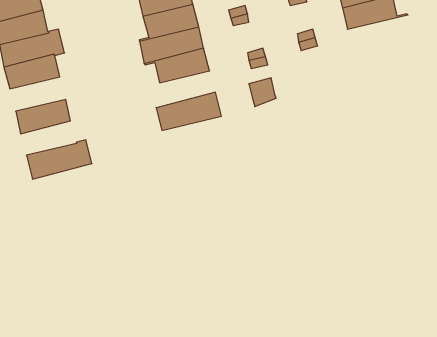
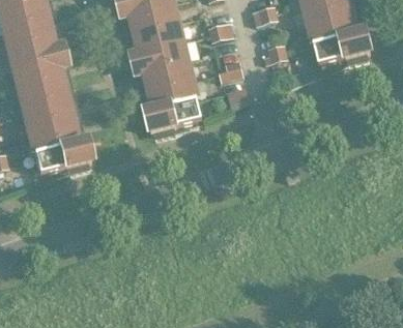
building: none -> [313,31,370,64]
building: none -> [145,80,198,112]
building: none -> [19,85,67,115]
building: none -> [28,123,77,153]

